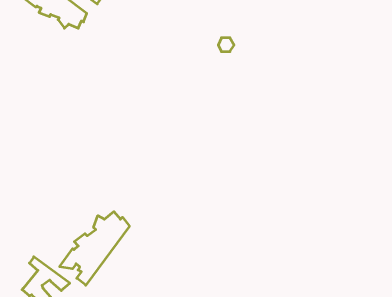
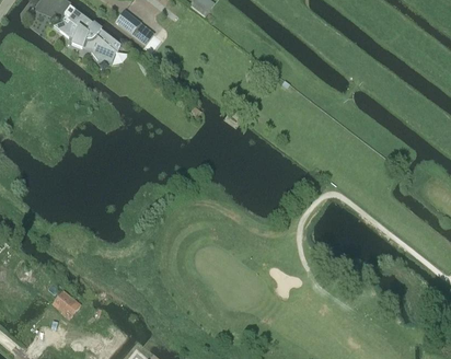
building: [60,212,129,285] -> none

